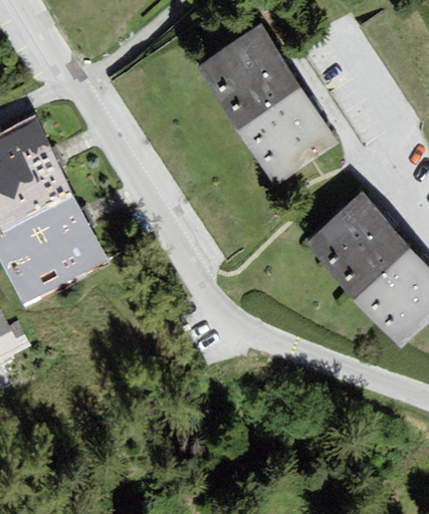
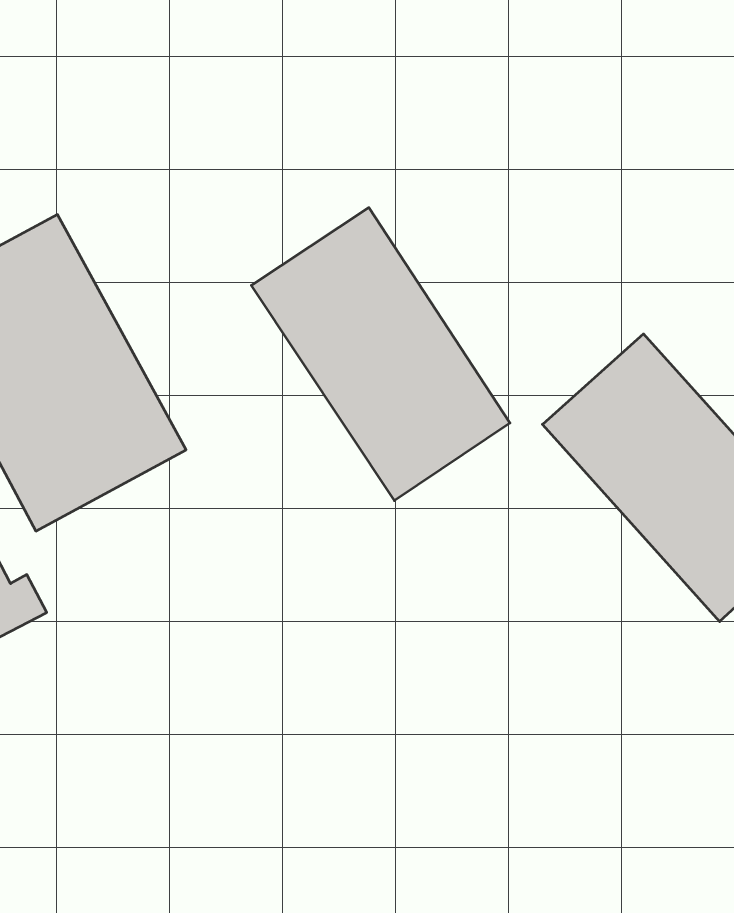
building: [196,23,340,186] -> [251,208,510,501]

